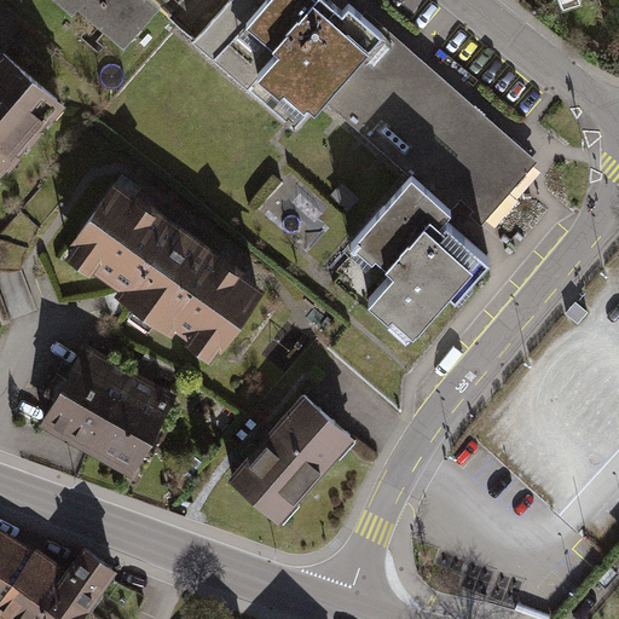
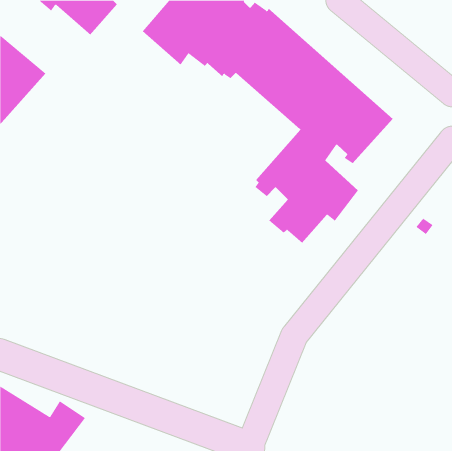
building: [62,183,266,363] -> none
building: [37,341,175,475] -> none
building: [226,394,354,526] -> none

